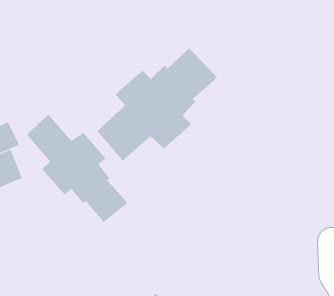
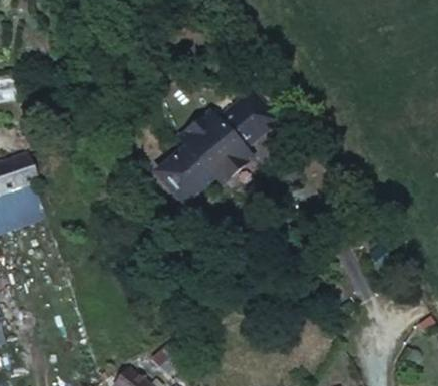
building: [26,114,128,223] -> none

